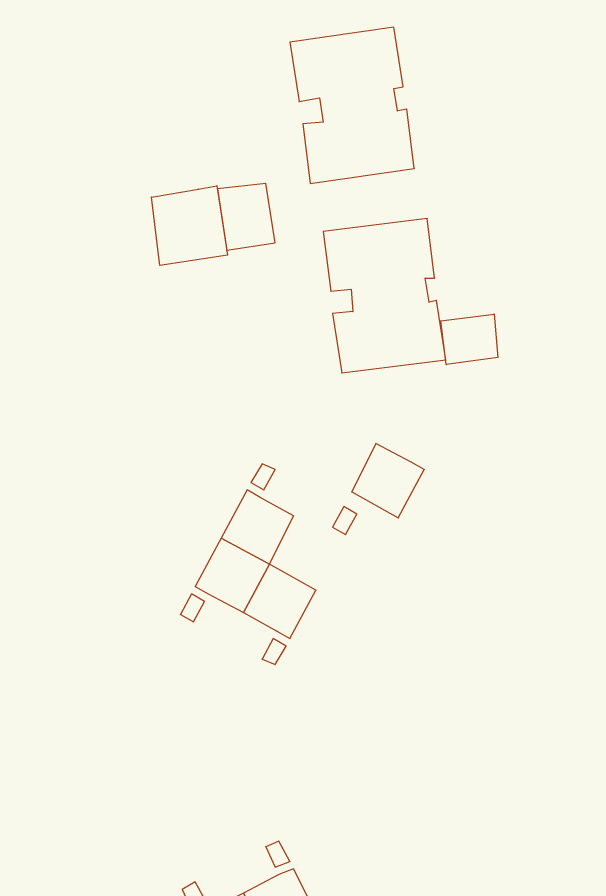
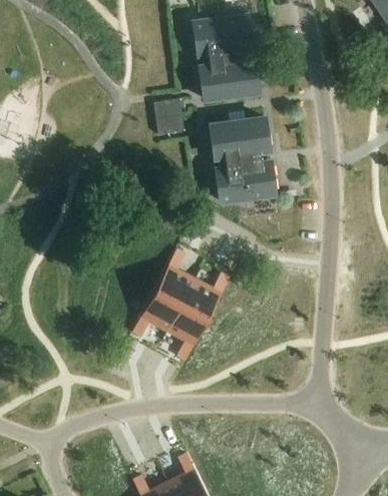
building: [151,186,228,265] -> none
building: [441,314,498,365] -> none
building: [352,444,424,518] -> [180,279,220,319]

